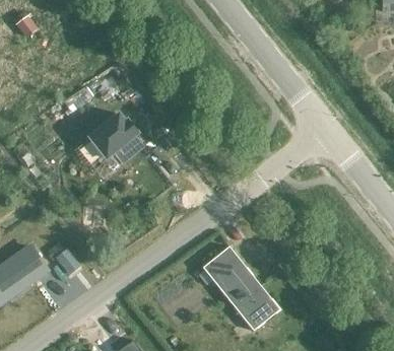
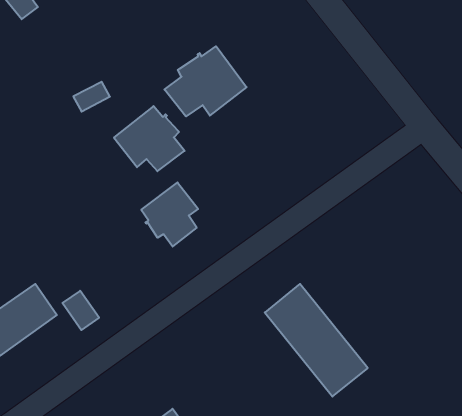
building: none -> [164,46,247,116]
building: none -> [141,182,198,247]

